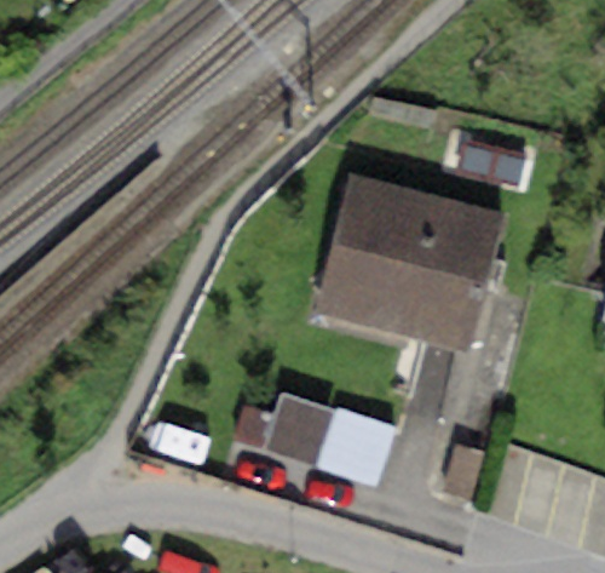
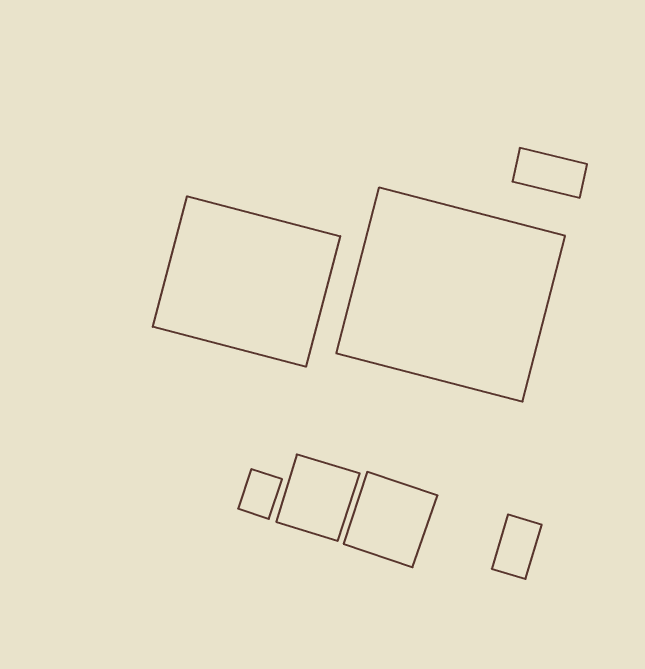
building: none -> [153,196,340,367]

